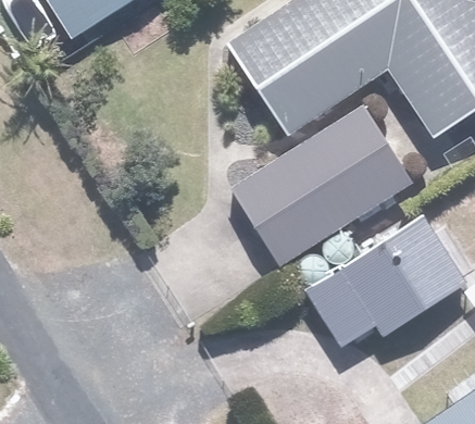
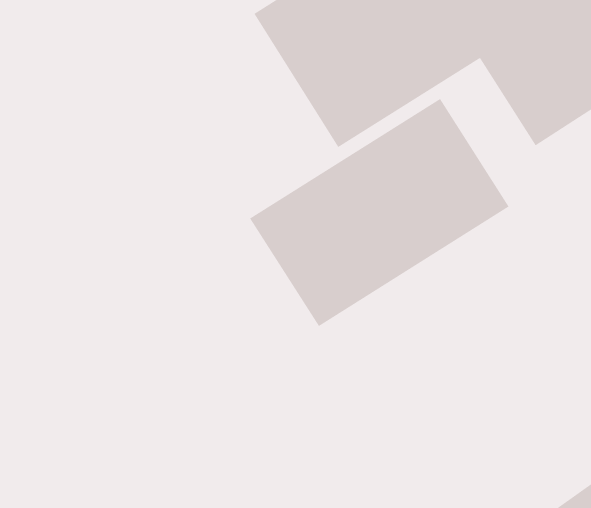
building: [308,220,465,347] -> none

